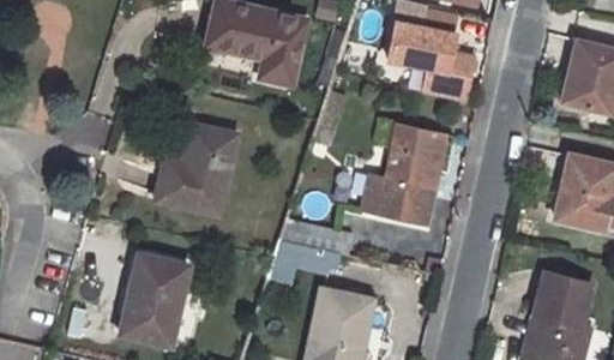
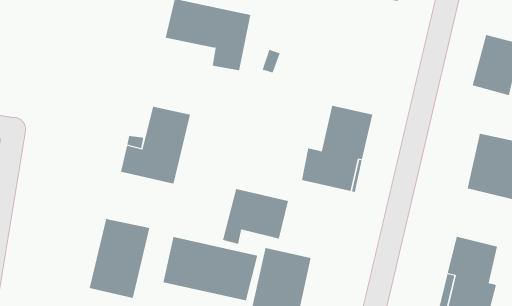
building: [385,8,478,102] -> none
building: none -> [163,236,258,301]

